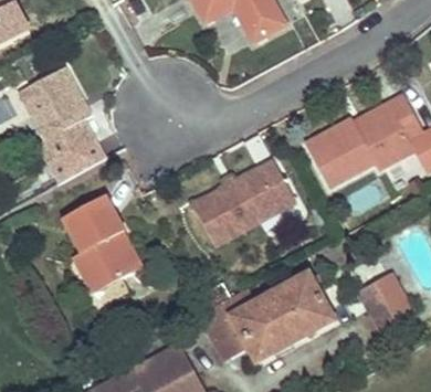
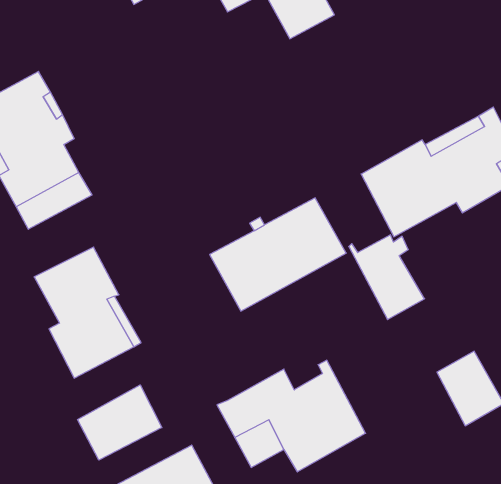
building: [280,272,336,335] -> [349,235,425,320]
building: none -> [78,385,162,460]

